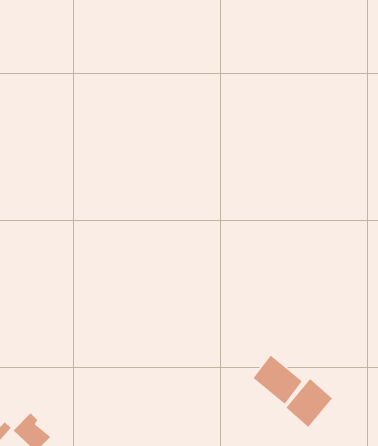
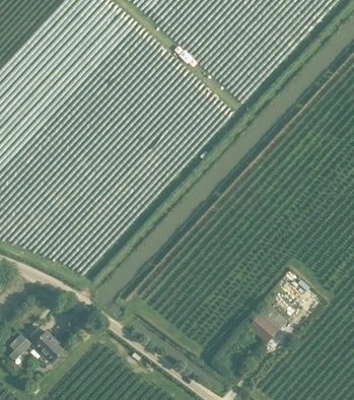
building: [253,354,303,405] -> none

